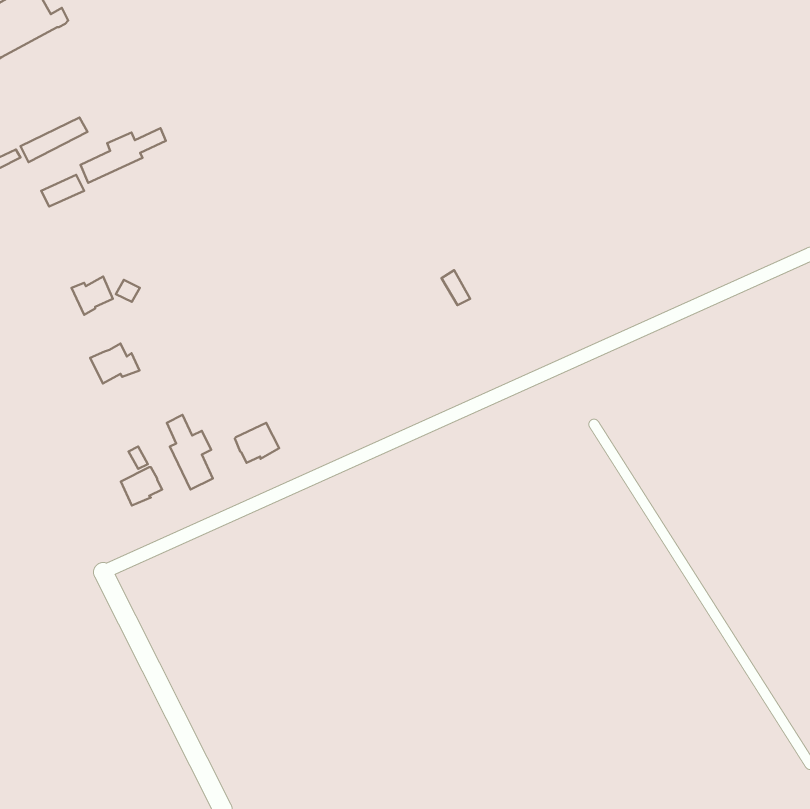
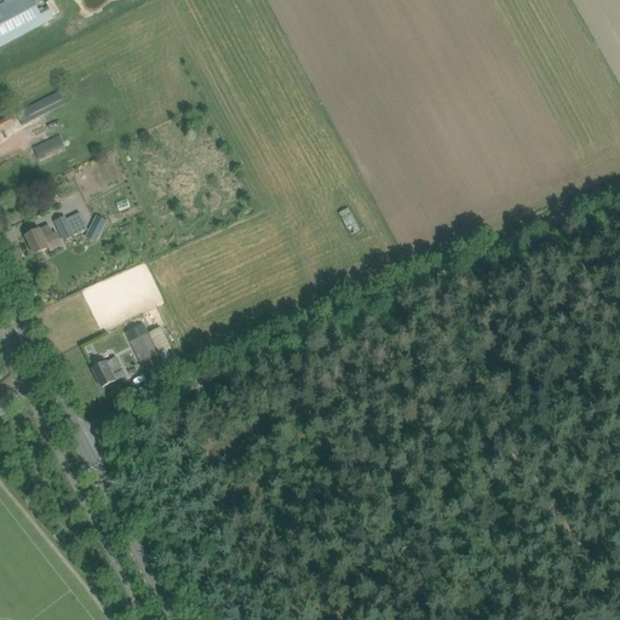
building: [80,128,166,183] -> none
building: [90,344,140,383] -> [24,223,62,253]
building: [235,423,279,463] -> none

